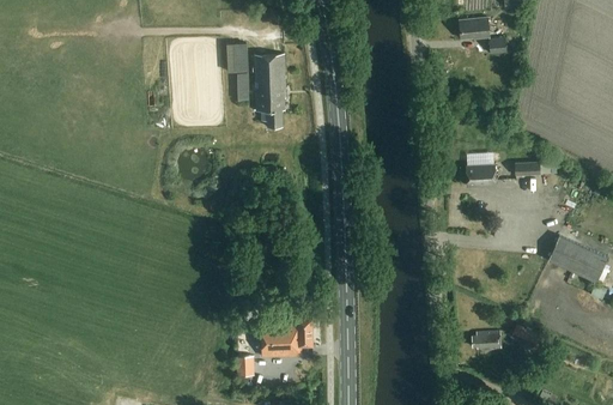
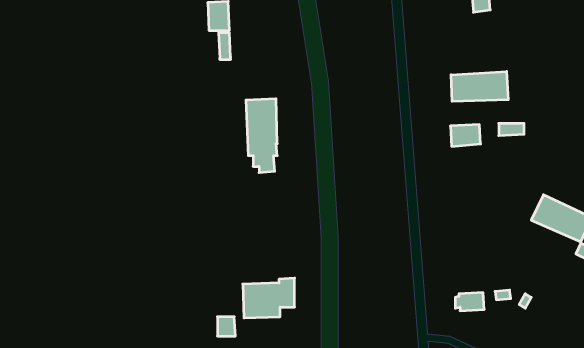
building: [254,54,285,127] -> [246,99,277,173]
building: none -> [451,71,508,101]

